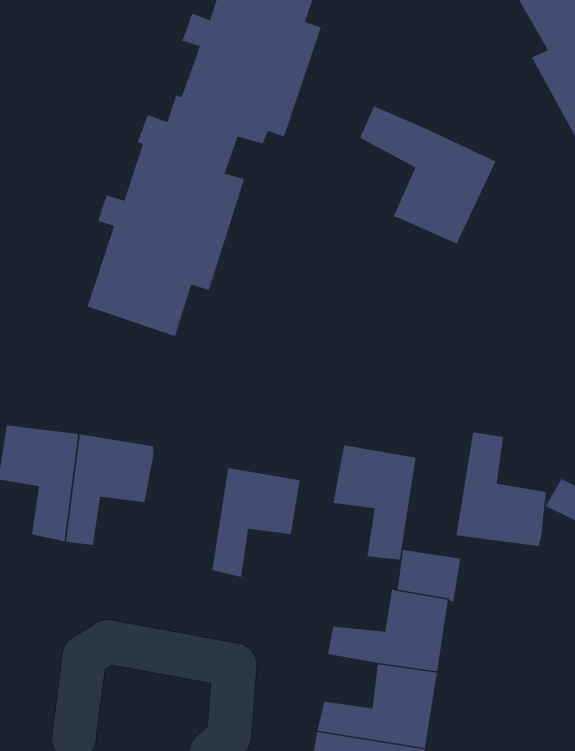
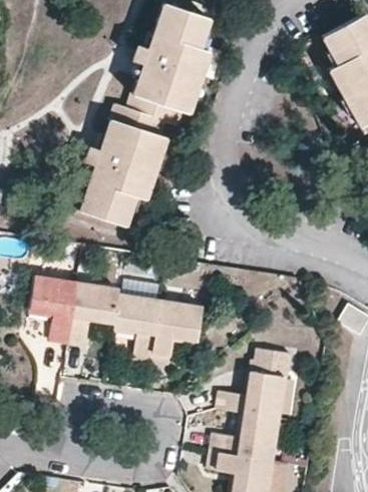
building: [359,105,496,244] -> none
building: [456,431,546,547] -> none
building: [333,445,417,561] -> [112,295,159,360]

